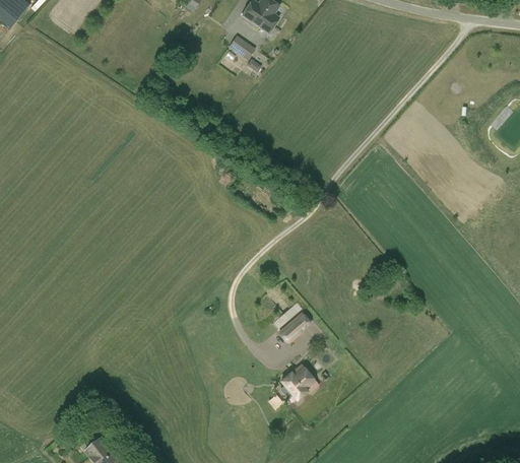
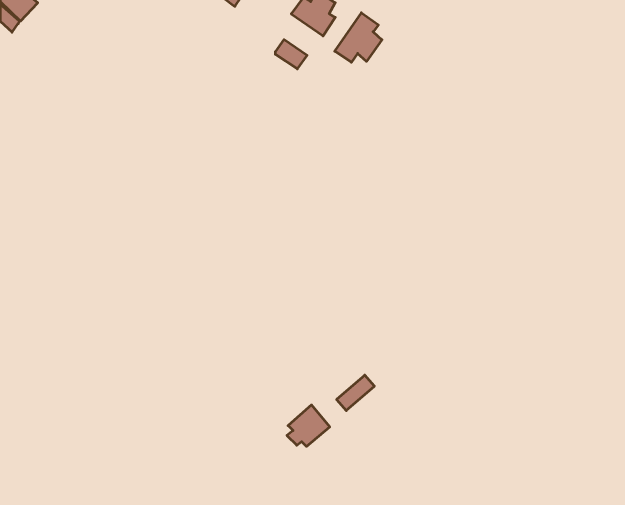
building: none -> [335,13,382,62]
building: [280,363,316,398] -> [287,405,330,446]

